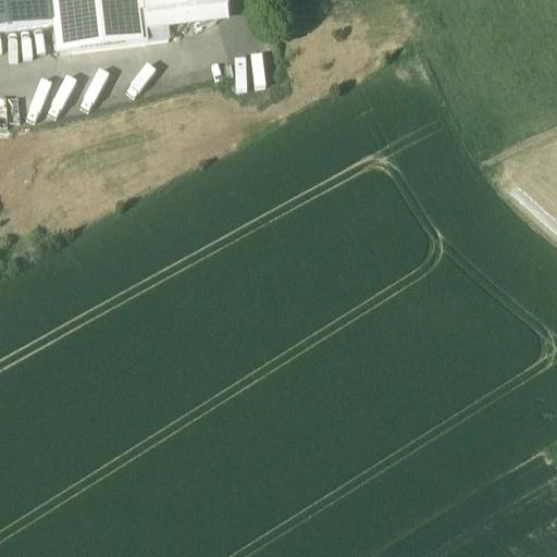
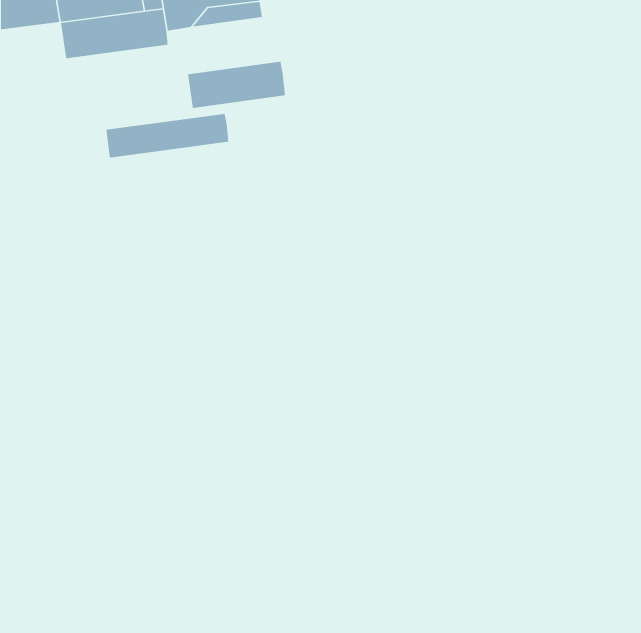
building: none -> [187,61,286,109]
building: none -> [106,113,229,158]

